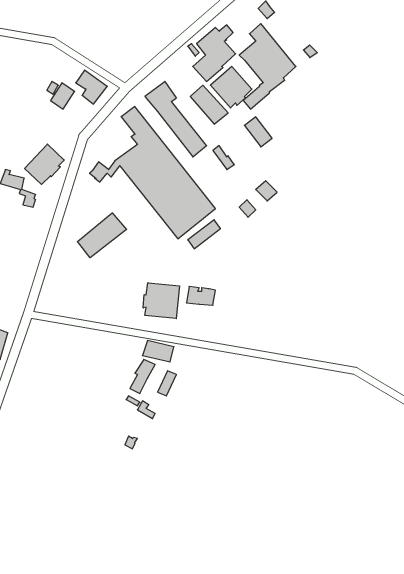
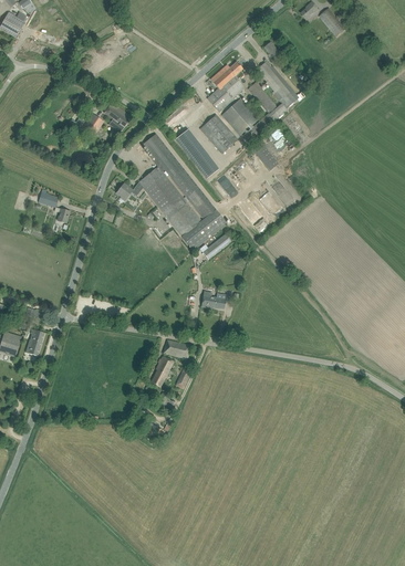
building: [25,144,64,184] -> none
building: [77,213,127,258] -> none
building: [143,283,179,319] -> none

